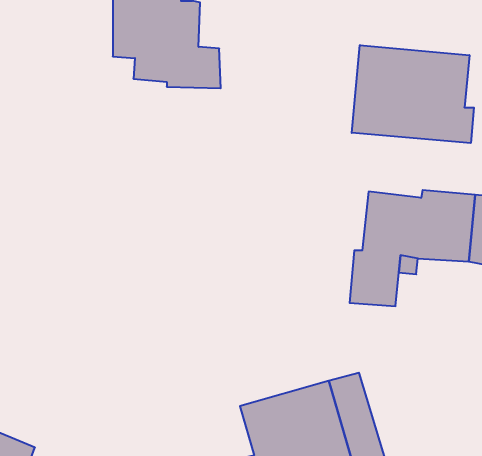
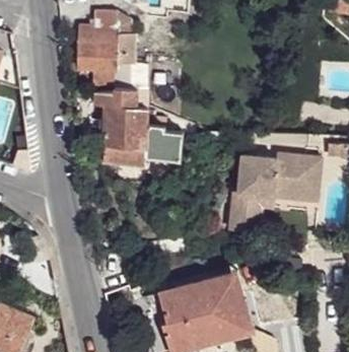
building: [352,45,474,143] -> none
building: none -> [95,88,183,164]

